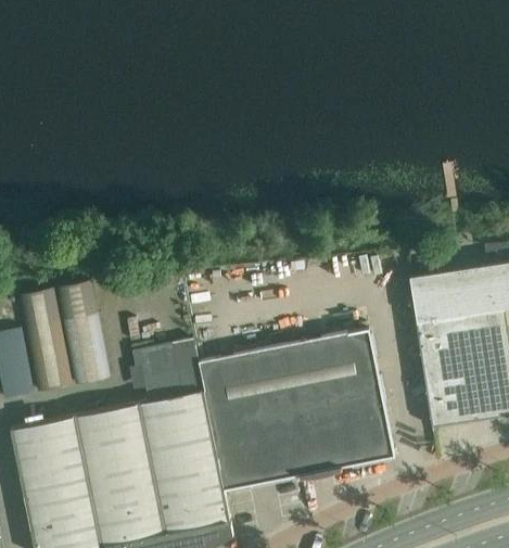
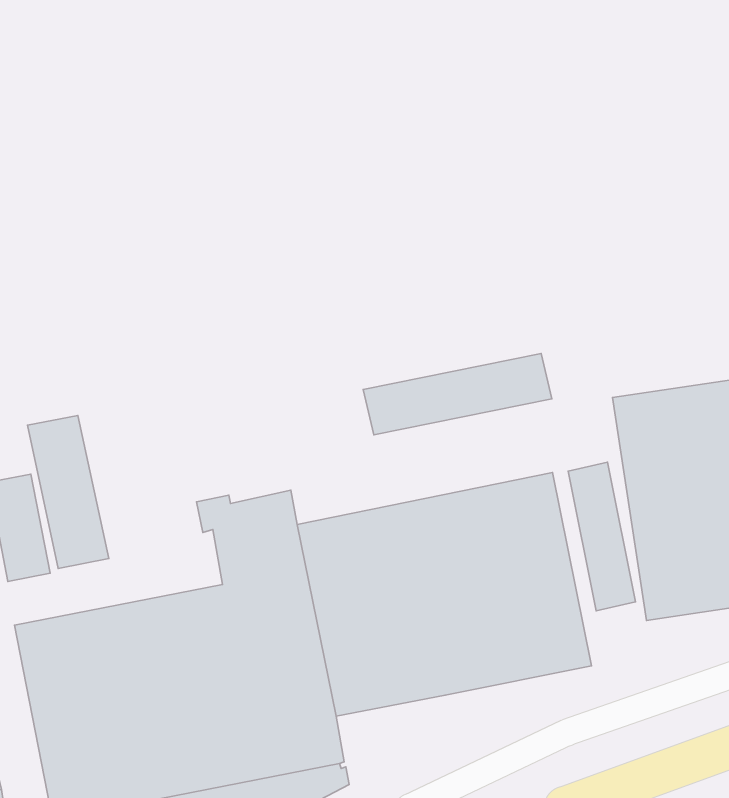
building: none -> [363,353,552,435]
building: [58,280,111,383] -> none
building: none -> [568,462,636,611]

